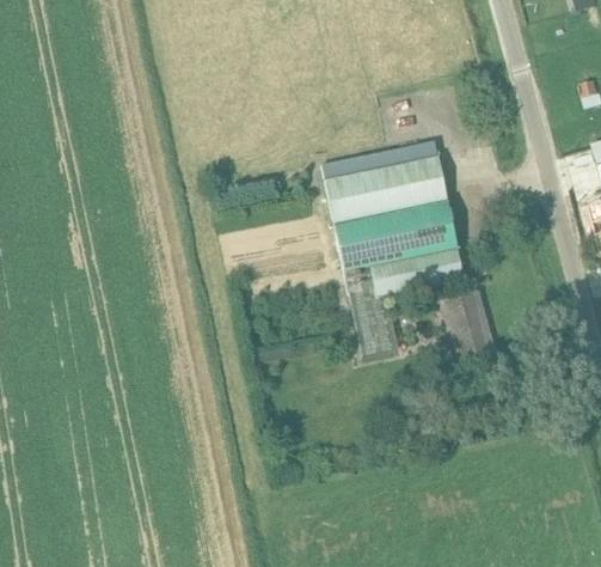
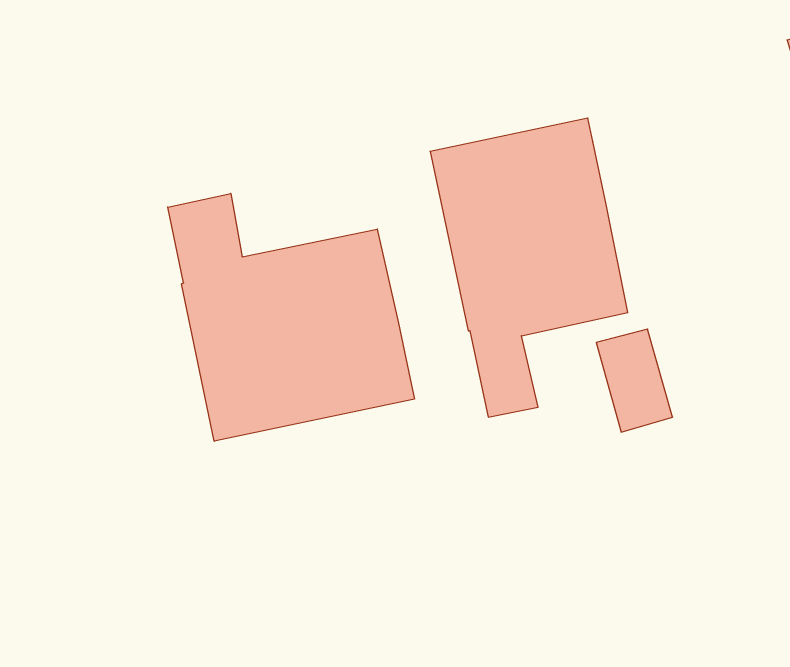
building: none -> [168,193,414,441]

